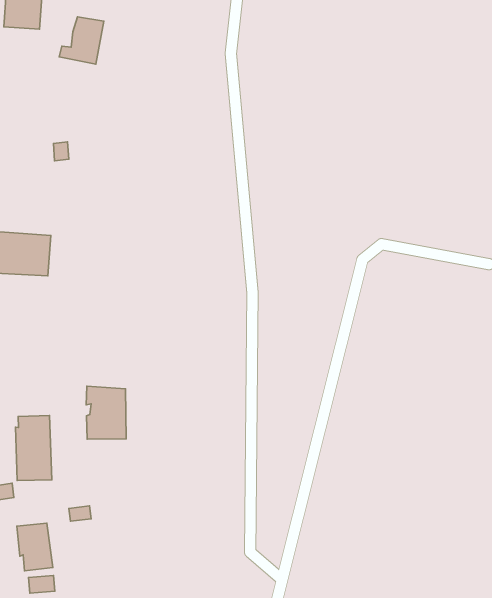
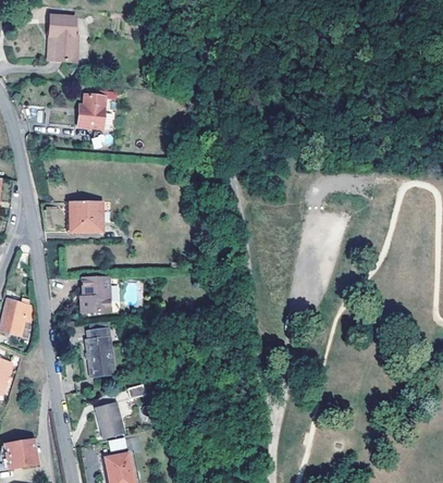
building: [59,17,104,64] -> [73,95,101,126]
building: [86,386,126,439] -> [85,275,116,313]

